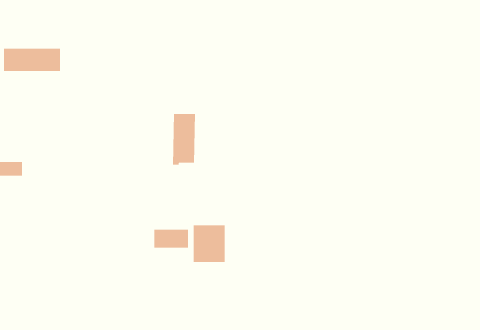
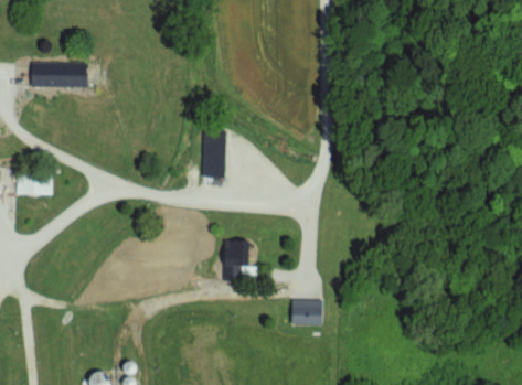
building: [154,229,189,249] -> none
building: none -> [290,300,322,324]

